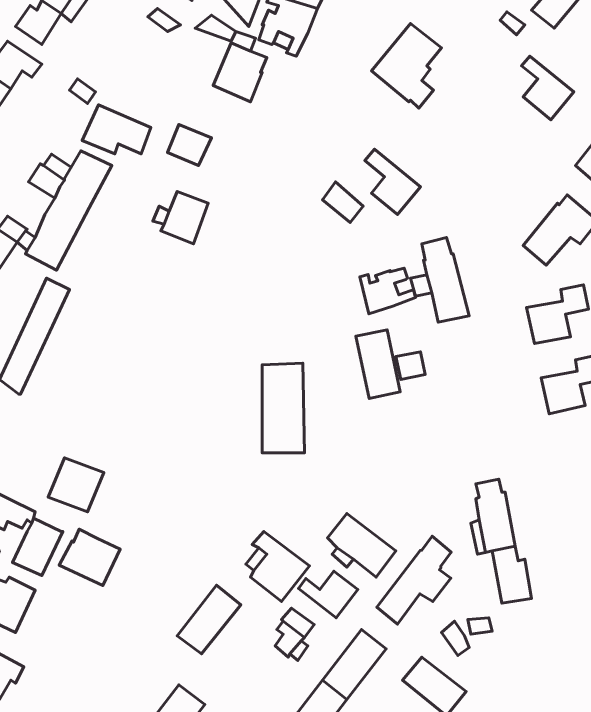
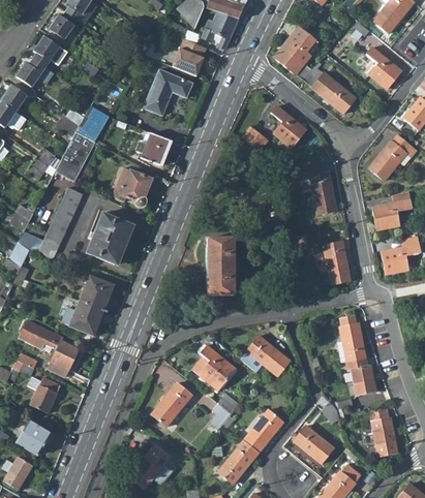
building: none -> [304,66,357,112]
building: [82,105,151,154] -> [152,67,195,98]
building: none -> [115,166,153,207]
building: [360,268,415,314] -> none
building: none -> [87,213,132,263]
building: [356,330,400,398] -> [324,242,352,285]
building: none -> [80,275,114,310]
building: [59,529,120,586] -> none
building: [377,536,451,624] -> none
building: [298,571,358,618] -> none
building: none -> [369,409,397,456]

